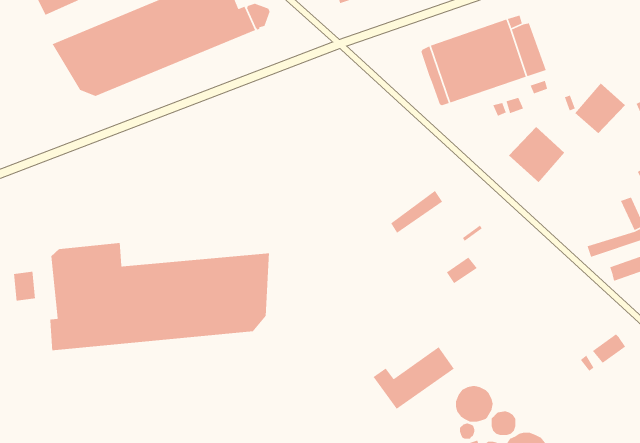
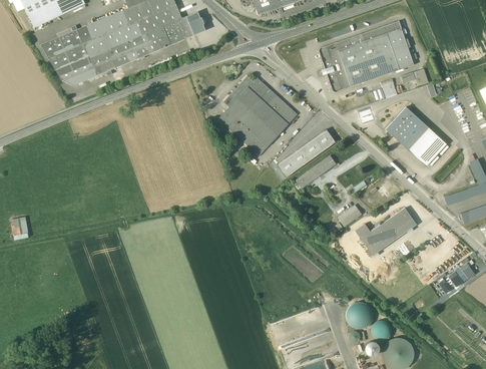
building: [574,82,626,134] -> [408,126,447,165]
building: none -> [218,75,297,155]
building: none -> [277,128,335,176]
building: [49,242,270,351] -> none
building: [373,346,455,410] -> [355,207,417,255]

